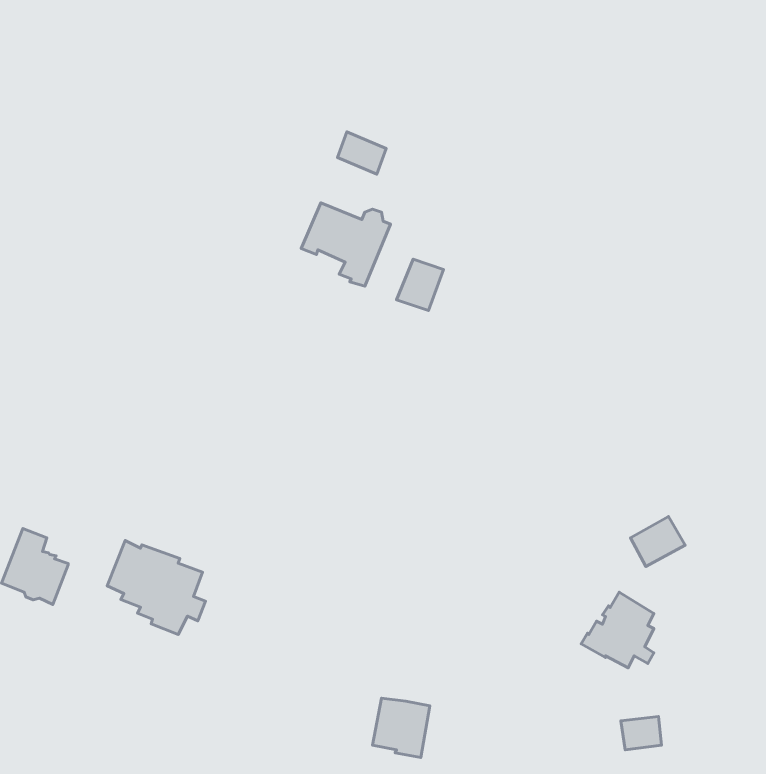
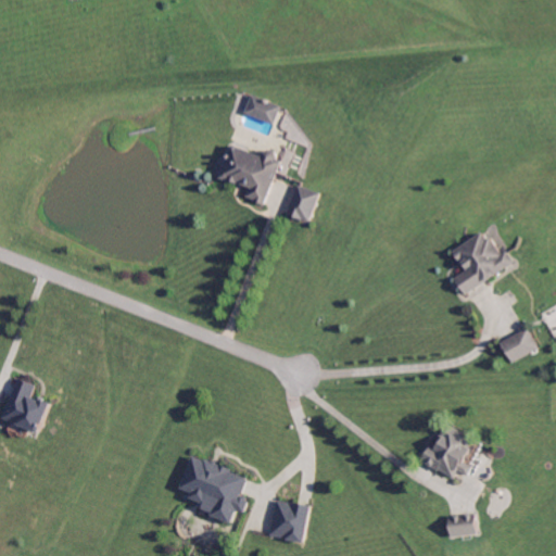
building: none -> [450,232,511,296]
building: [631,517,685,567] -> [497,328,536,364]
building: [107,540,206,634] -> [177,456,248,523]

